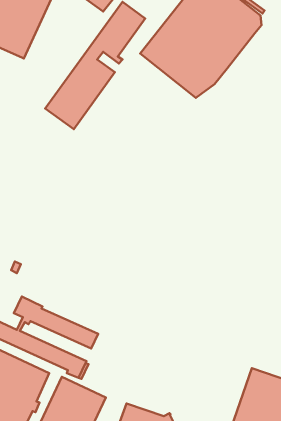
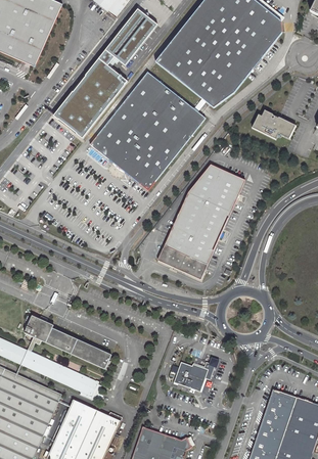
building: none -> [90,72,206,190]
building: none -> [251,110,294,140]
building: none -> [157,164,245,278]
building: none -> [170,357,219,392]

